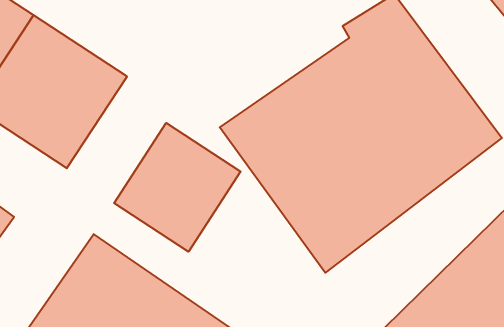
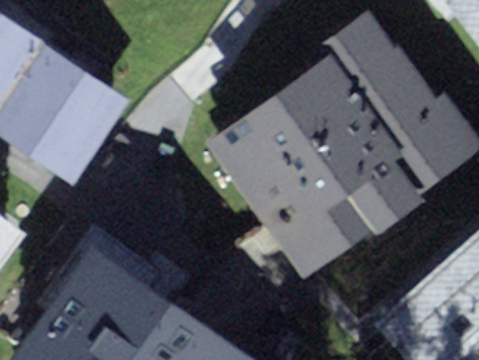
building: [114,123,241,252] -> none

